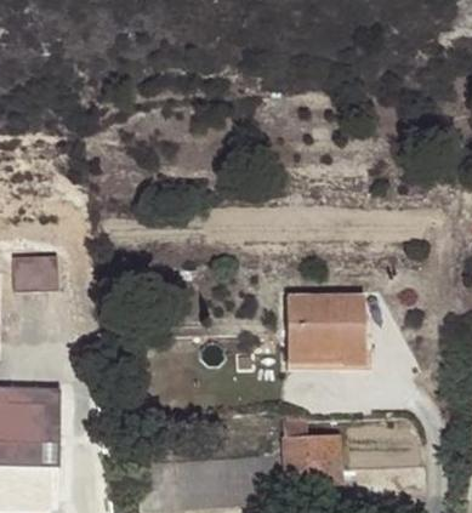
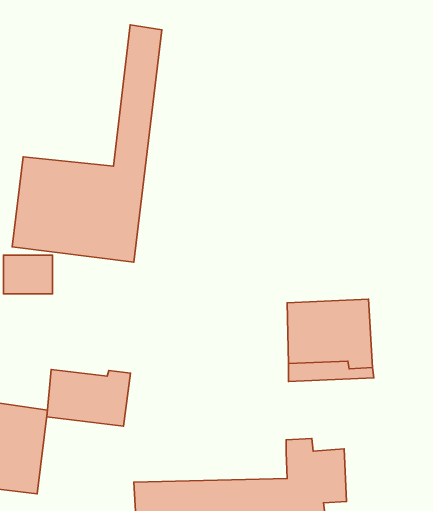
building: none -> [12,25,162,262]
building: none -> [47,370,131,426]

